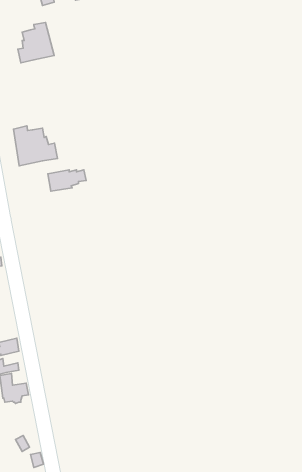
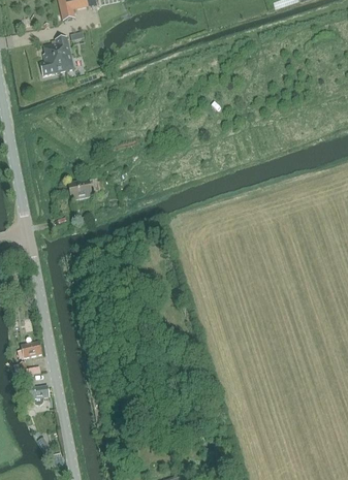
building: [13,126,57,166] -> none

